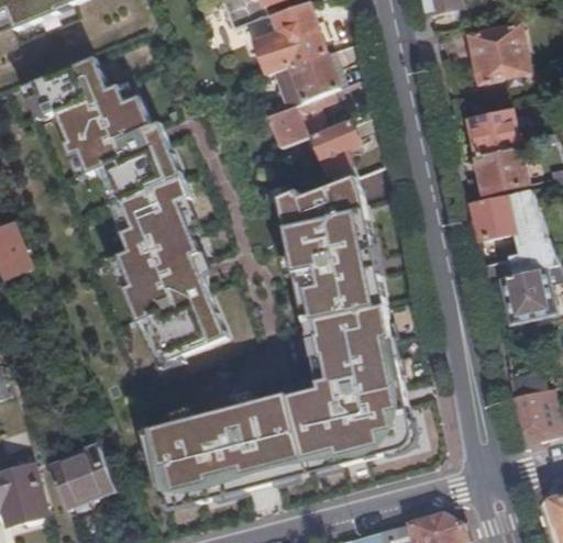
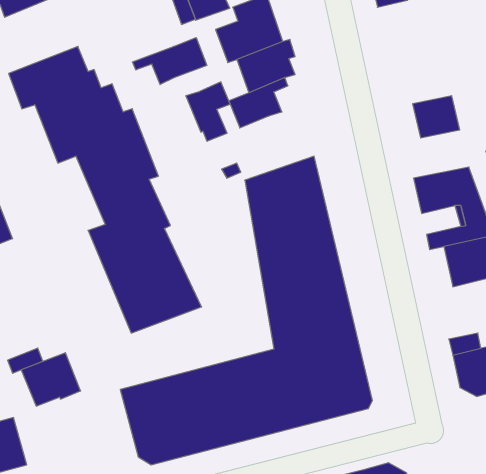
building: [467,23,527,81] -> none
building: none -> [133,38,207,85]
building: [309,117,357,181] -> [186,82,230,141]
building: [475,147,527,191] -> none
building: [45,445,110,503] -> [21,353,81,406]

